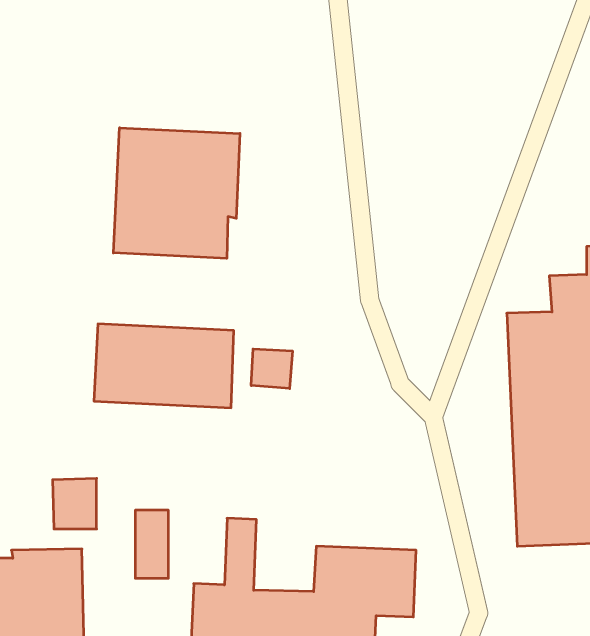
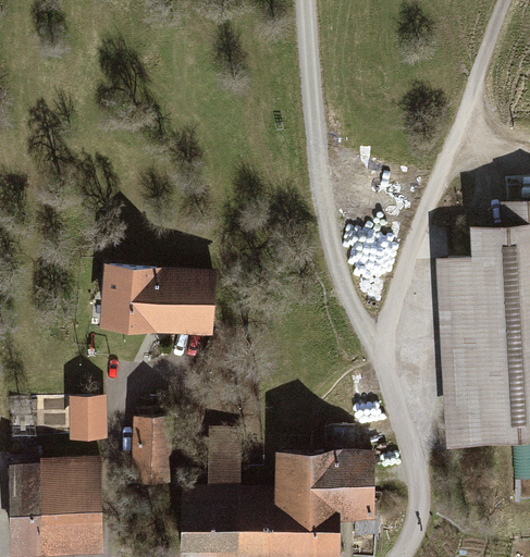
building: [113,128,240,258] -> none
building: [251,349,292,389] -> none

